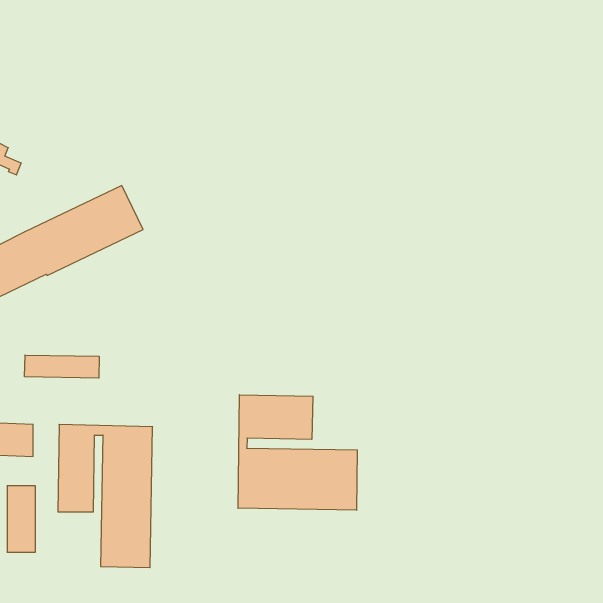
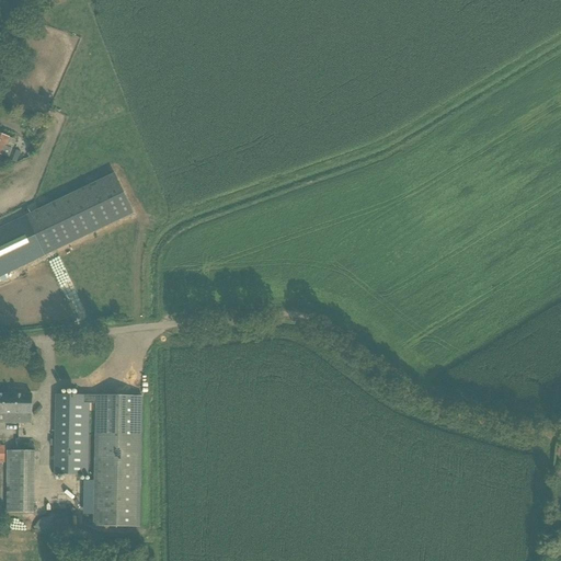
building: [25,355,99,378] -> none
building: [238,395,357,510] -> none

